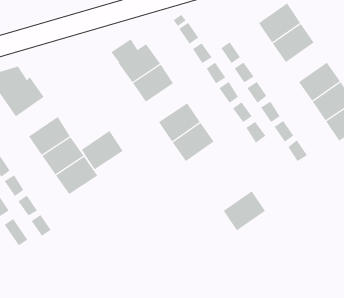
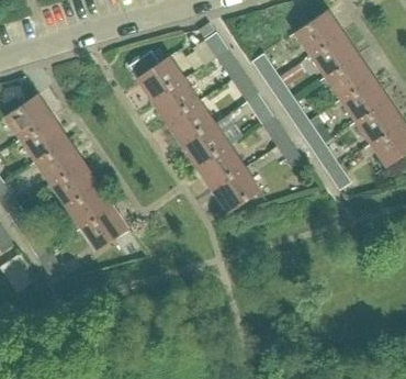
building: none -> [325,55,372,100]
building: none -> [167,101,214,145]
building: none -> [20,116,68,161]
building: [81,130,123,170] -> [80,205,128,250]
building: [223,191,266,231] -> [212,167,260,213]

